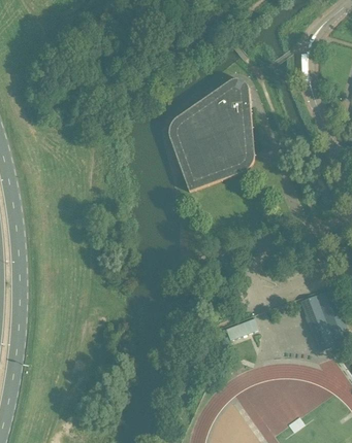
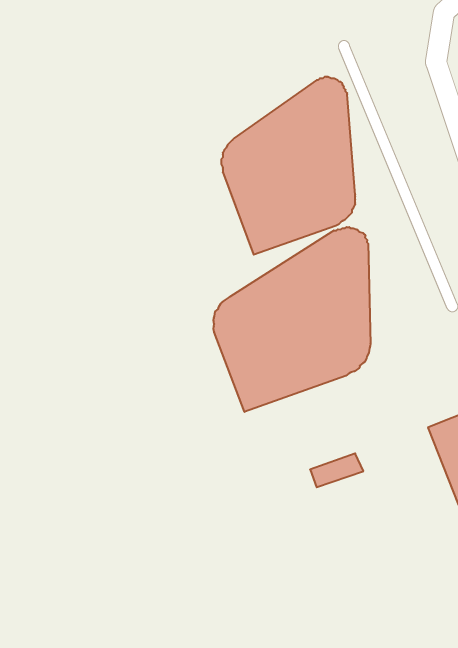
building: none -> [213,227,370,412]

